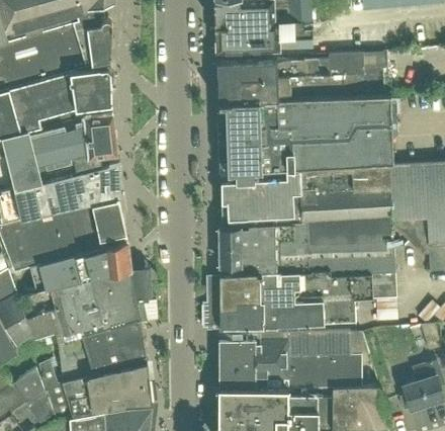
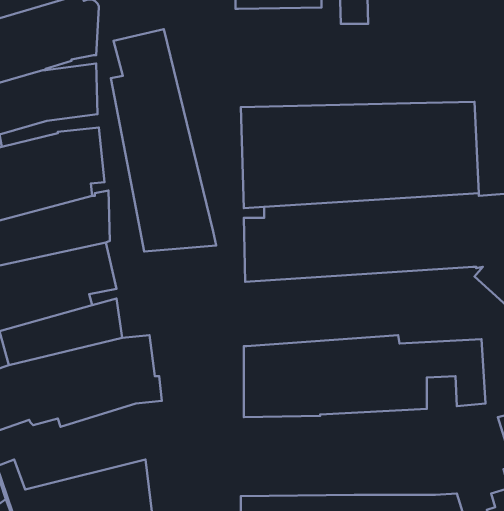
building: [215,26,278,52] -> none
building: none -> [111,29,216,252]
building: [215,53,386,100] -> none
building: [220,219,395,277] -> none
building: [58,320,147,382] -> none
building: [216,332,368,389] -> none

